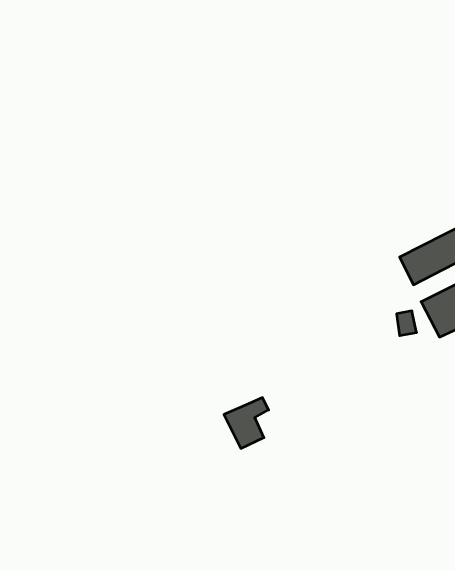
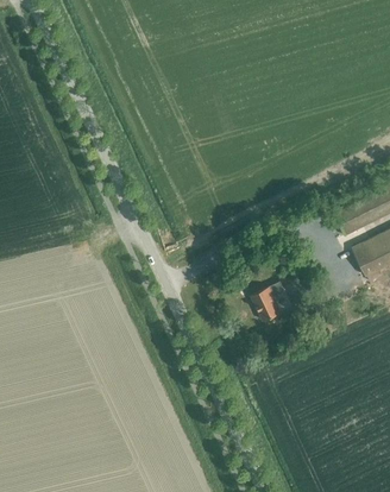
building: [224,398,269,448] -> [250,282,284,321]

